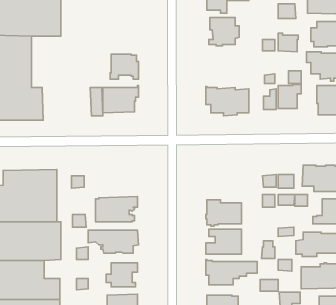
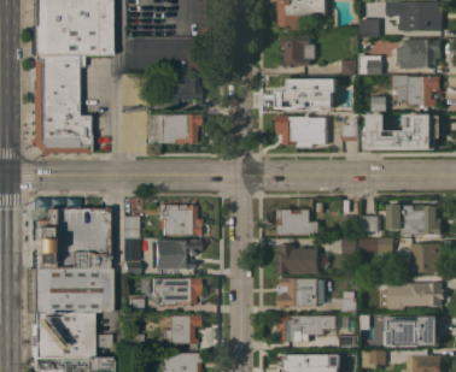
building: none -> [281,77,339,111]
building: none -> [160,205,201,236]
building: none -> [279,209,321,235]

